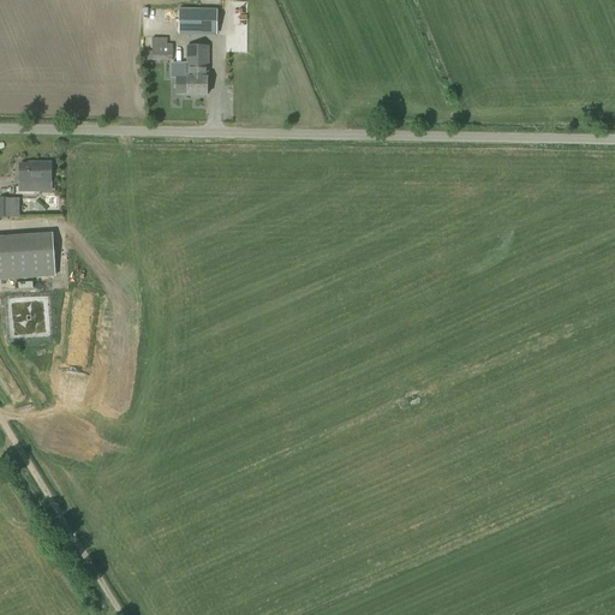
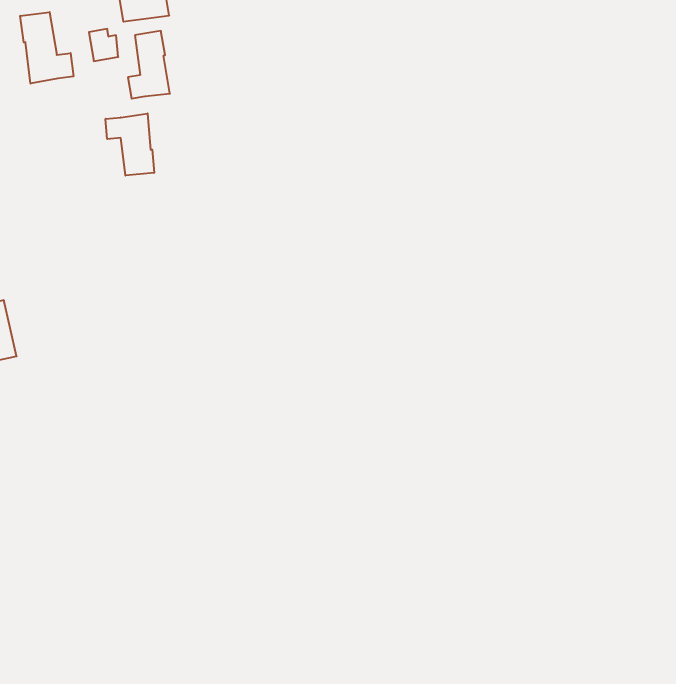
building: none -> [20,12,73,84]
building: none -> [106,113,154,176]

